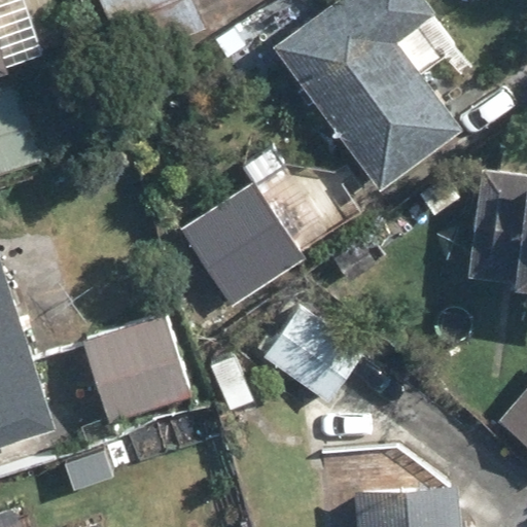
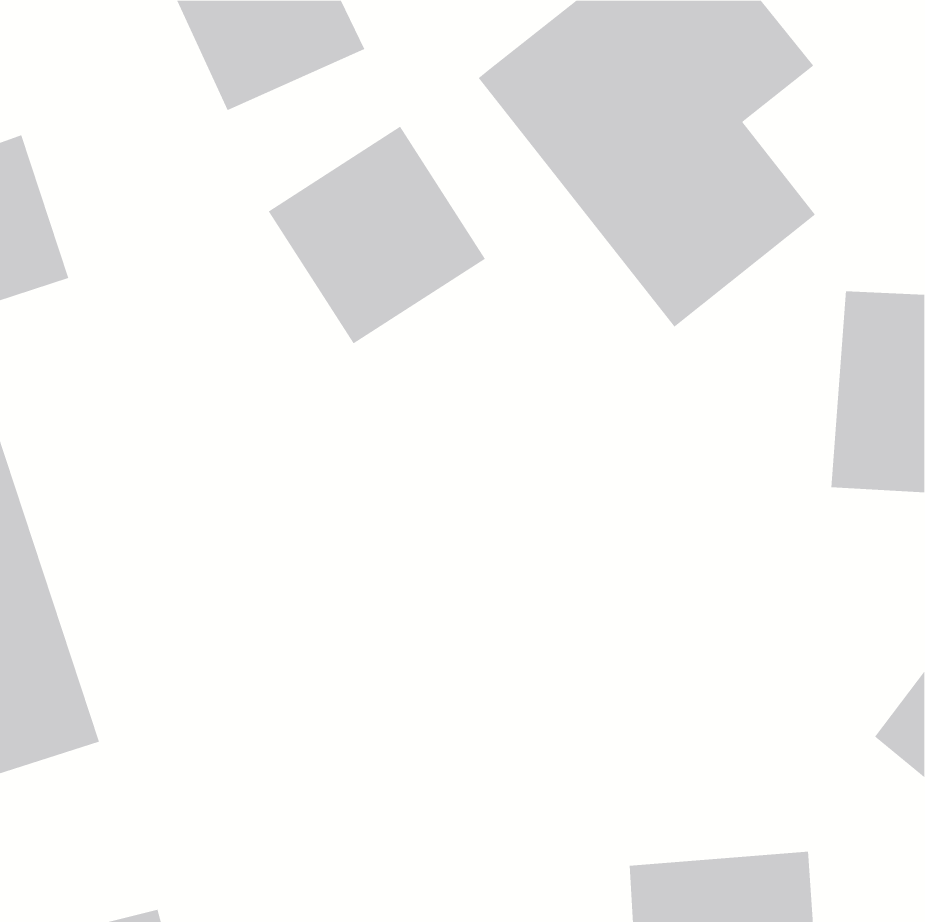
building: [182,182,306,306] -> [268,126,486,344]
building: [248,300,365,408] -> none
building: [83,317,191,422] -> none

